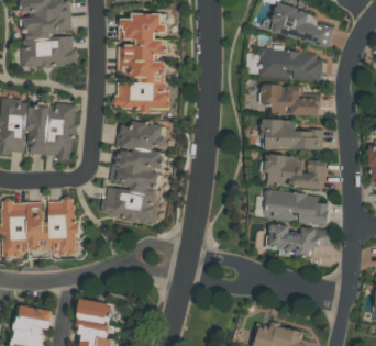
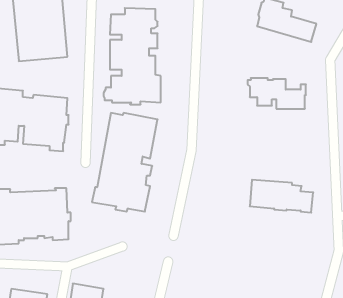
building: [245,48,323,81] -> none
building: [261,119,323,149] -> none
building: [264,155,324,189] -> none
building: [265,224,333,258] -> none

